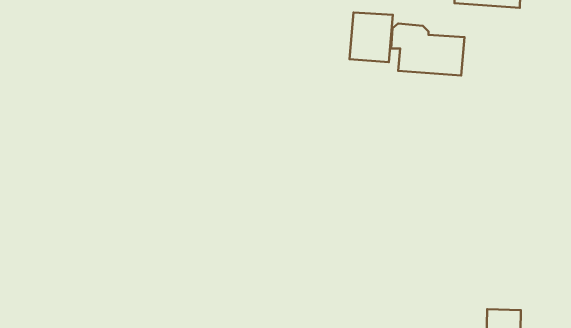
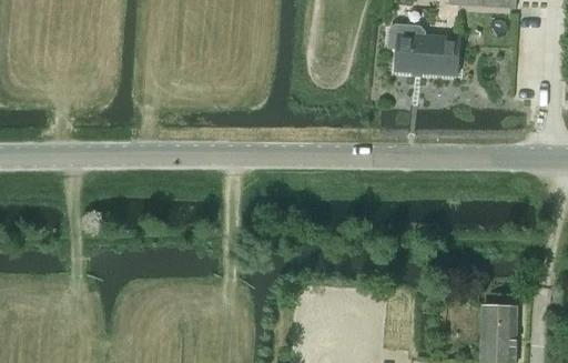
building: [349,13,393,62] -> none

